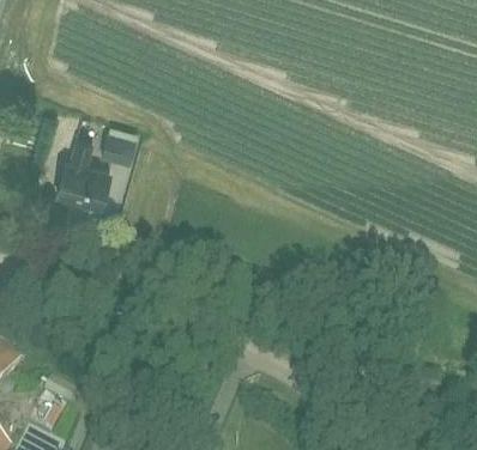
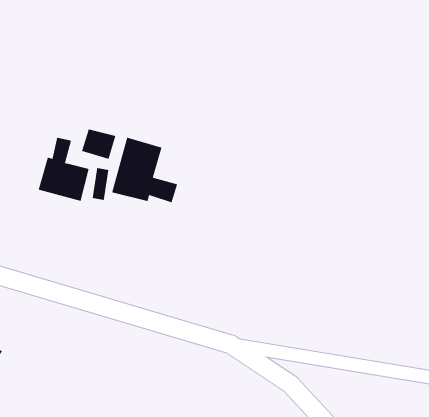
building: none -> [112,137,178,203]

